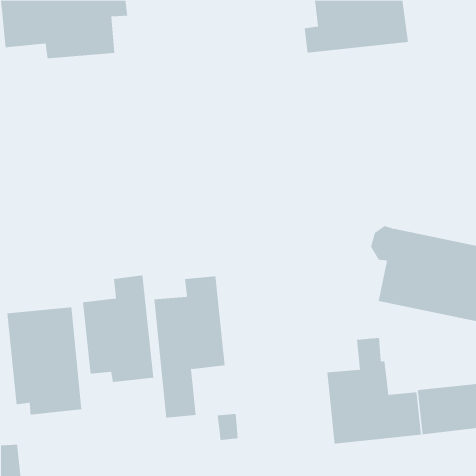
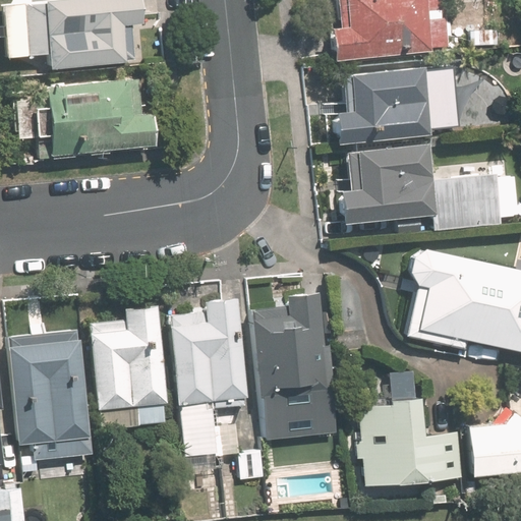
building: none -> [338,65,450,142]
building: none -> [32,78,157,157]
building: none -> [340,143,499,230]
building: none -> [253,296,337,444]

